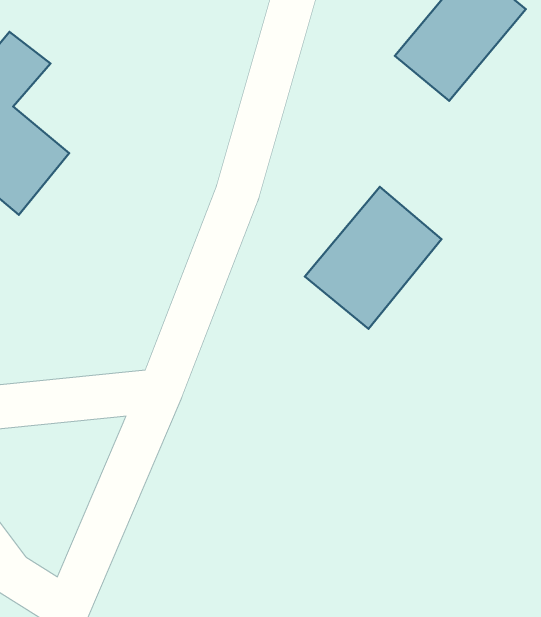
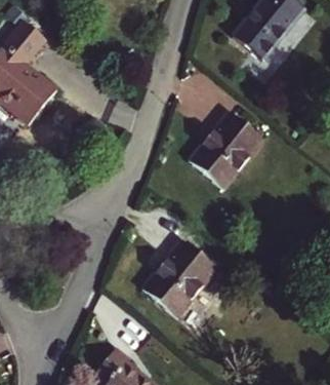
building: none -> [139,237,214,315]

